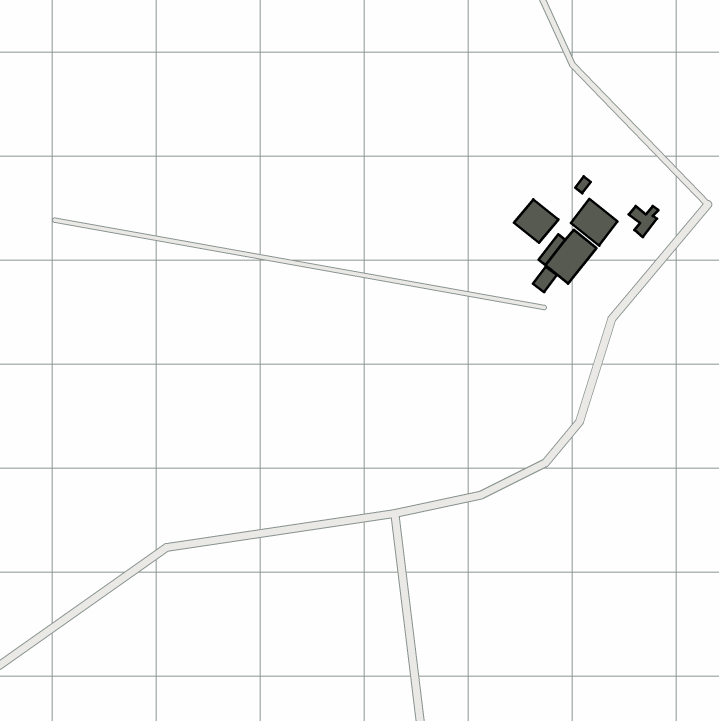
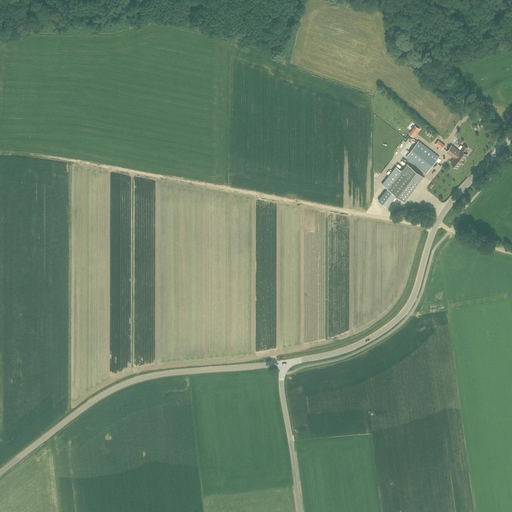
building: [514,199,558,243] -> none

